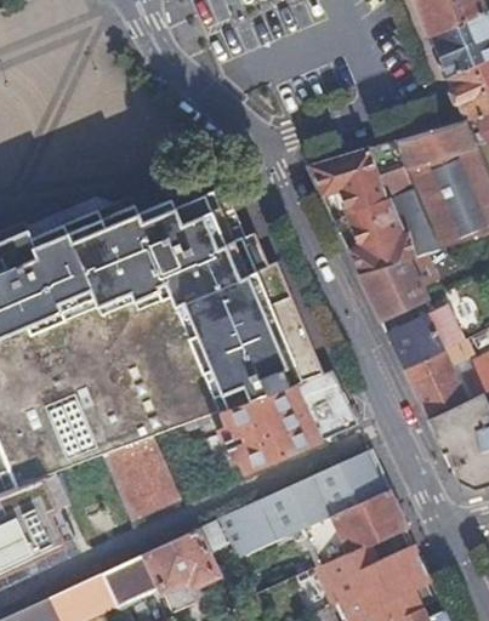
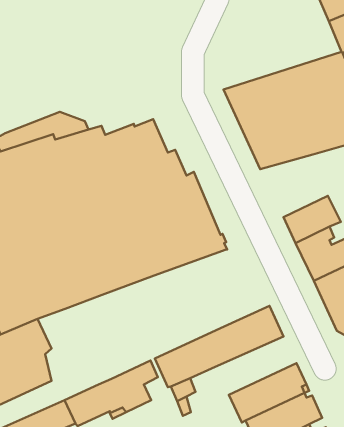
building: [358,250,437,320] -> none
building: [218,369,357,471] -> none
building: [102,434,180,520] -> none
building: [298,489,405,565] -> none

